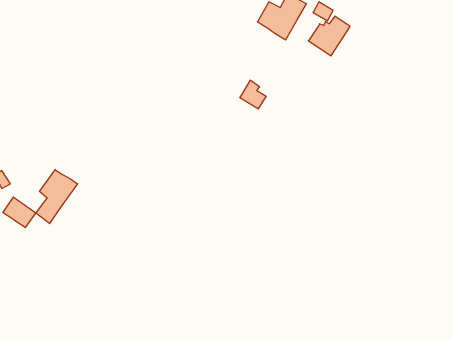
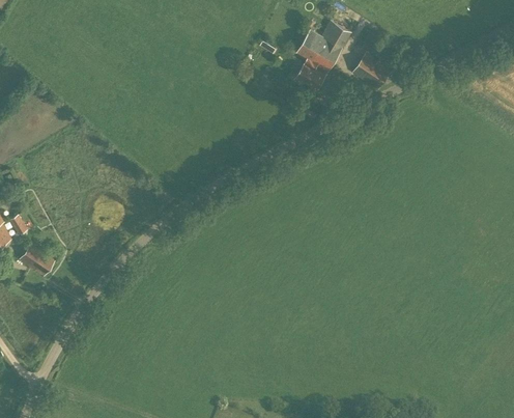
building: [240,80,266,109] -> [295,57,324,88]
building: [36,170,78,224] -> none

